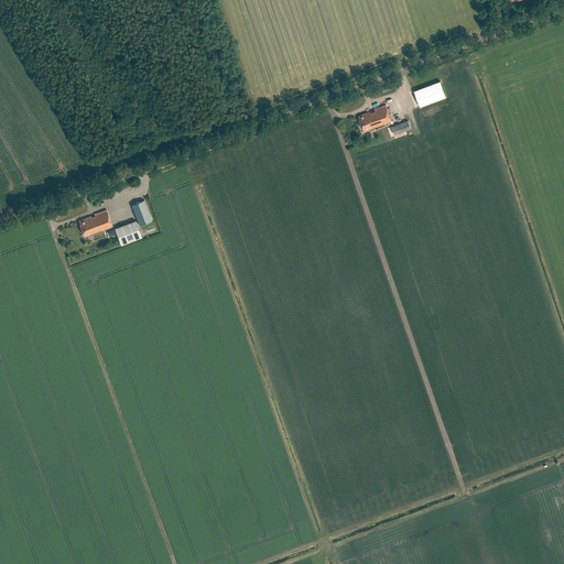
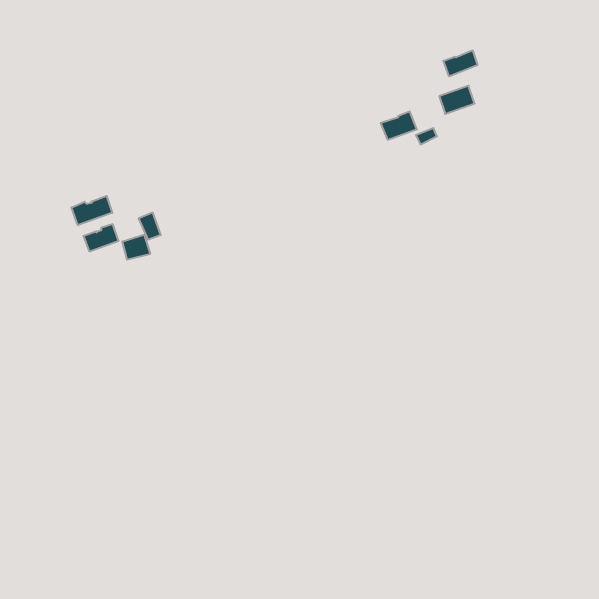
building: none -> [443,50,477,76]
building: none -> [71,196,112,225]

